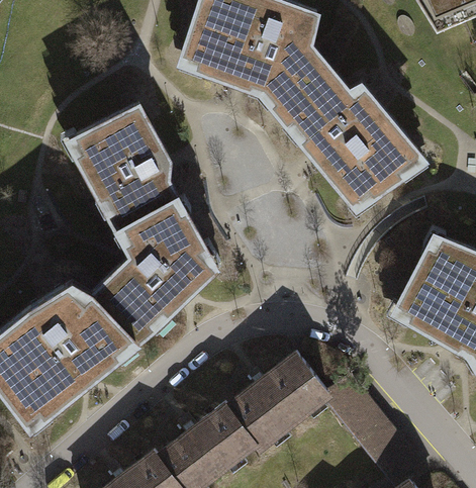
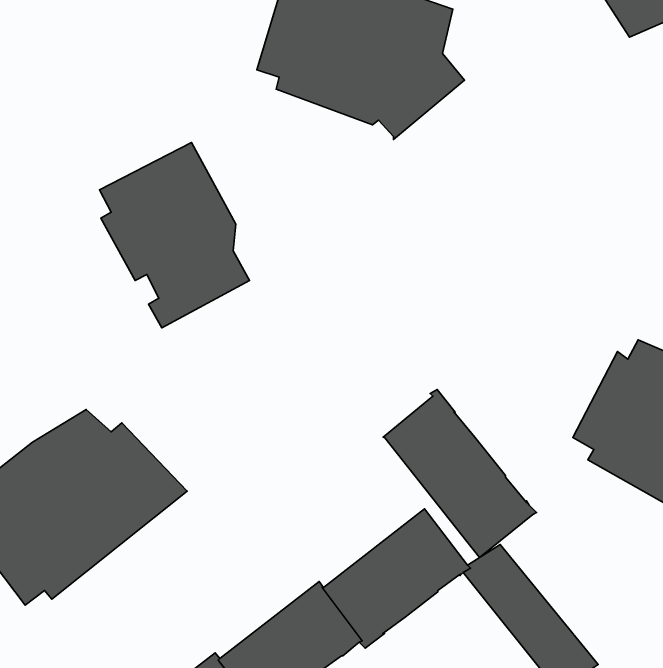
building: [271,63,417,203] -> none
building: [91,199,216,343] -> none
building: none -> [383,390,536,558]

